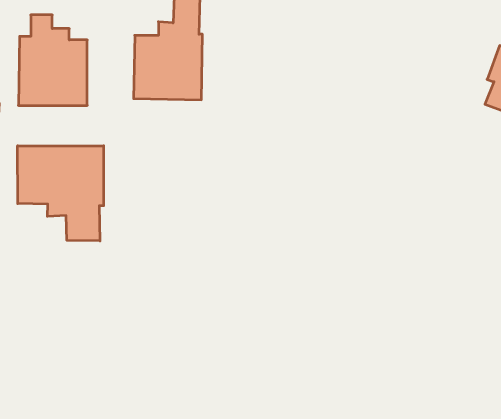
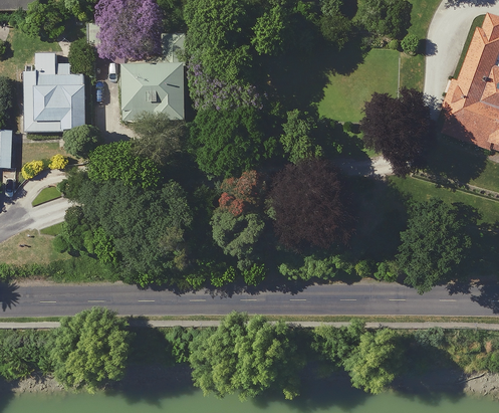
building: [18,146,104,241] -> none

